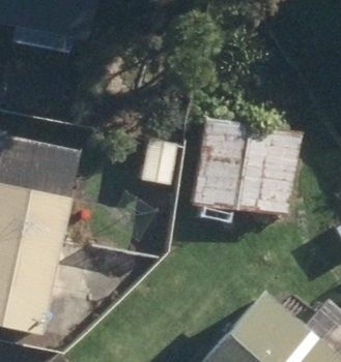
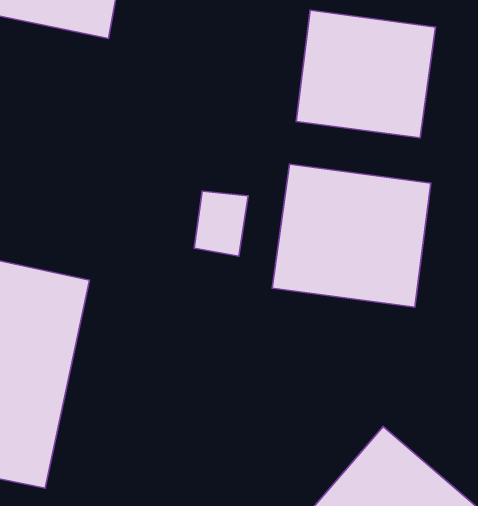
building: none -> [296,10,436,138]

